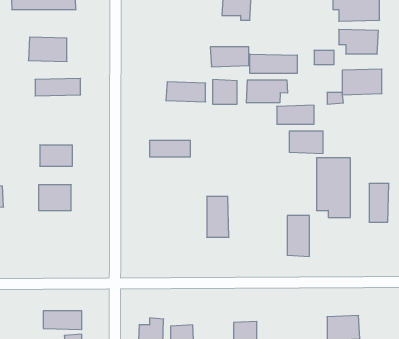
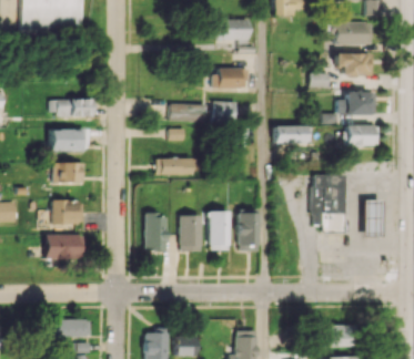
building: [28,37,67,62] -> [46,129,82,152]
building: [250,54,297,73] -> none
building: [247,80,287,103] -> none
building: [289,131,323,153] -> [345,125,377,146]
building: none -> [144,214,166,252]
building: none -> [179,215,201,252]
building: [287,216,309,256] -> [238,213,259,252]
building: none -> [42,235,81,259]

